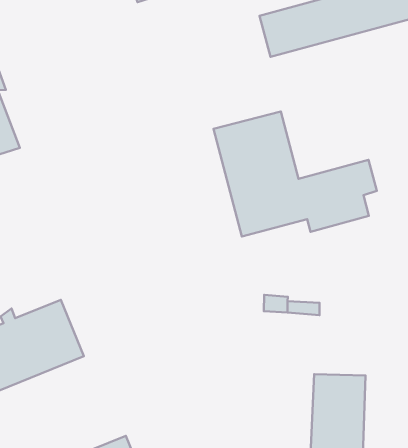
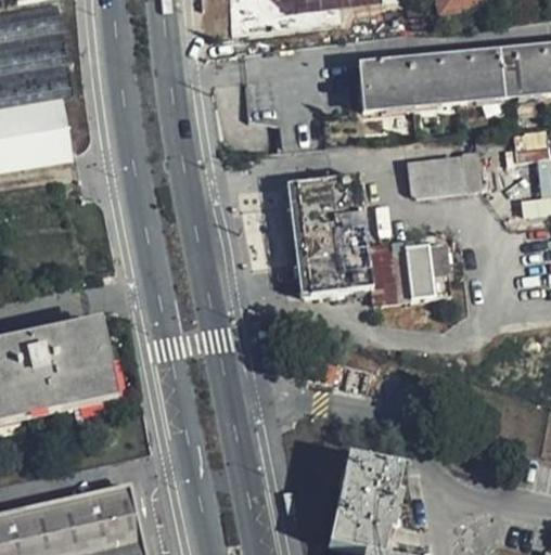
building: none -> [406,151,480,194]

